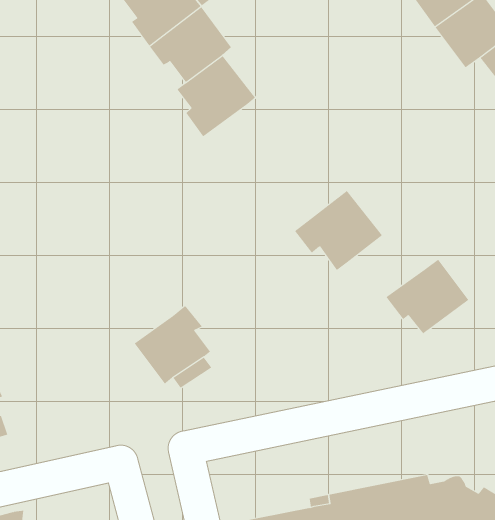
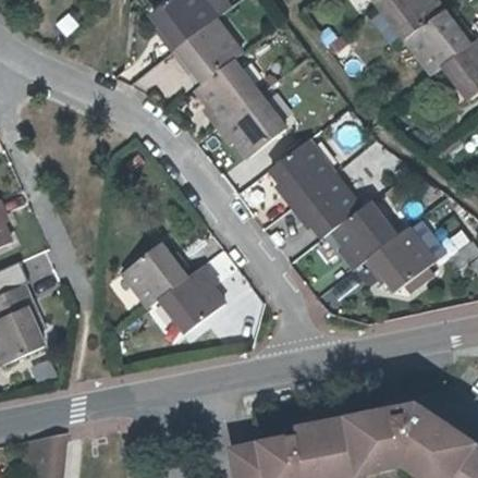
building: none -> [215,96,284,159]
building: none -> [269,138,333,206]
building: none -> [333,204,396,269]
building: none -> [121,244,189,307]

